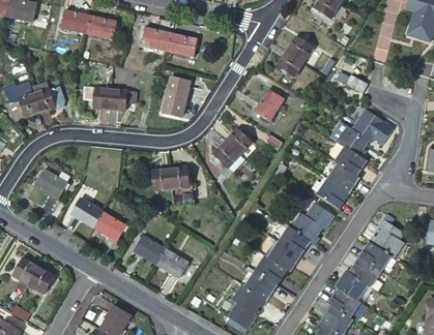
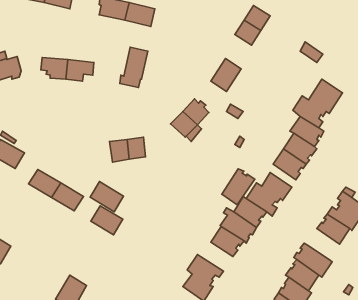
building: none -> [222,169,255,205]
building: [156,248,190,278] -> [90,182,123,212]
building: [350,257,382,288] -> none
building: [243,271,276,300] -> none

